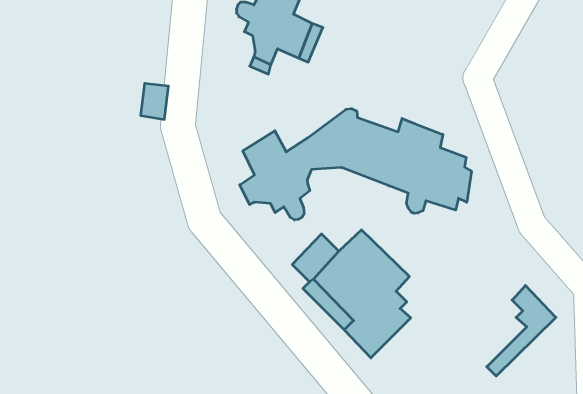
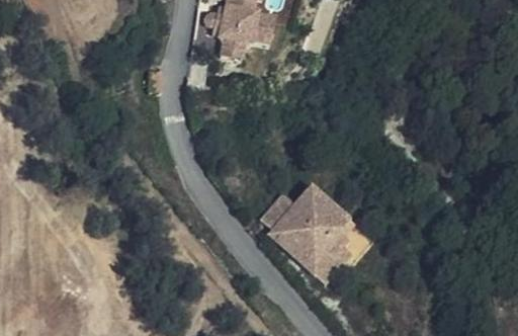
building: [240,109,471,220] -> none
building: [487,285,556,376] -> [315,220,367,288]

